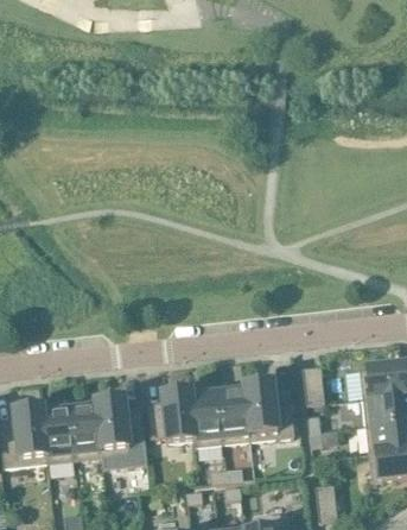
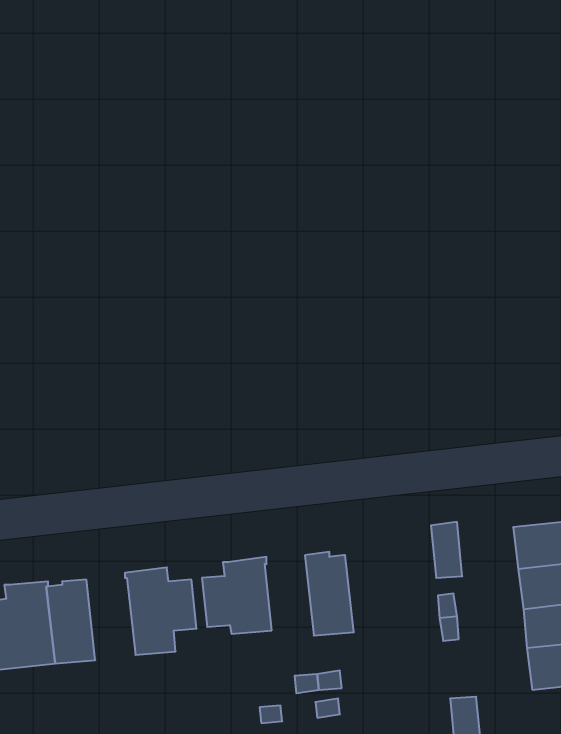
building: [242,379,293,438] -> none
building: [189,386,222,444] -> none
building: [68,400,101,458] -> none

